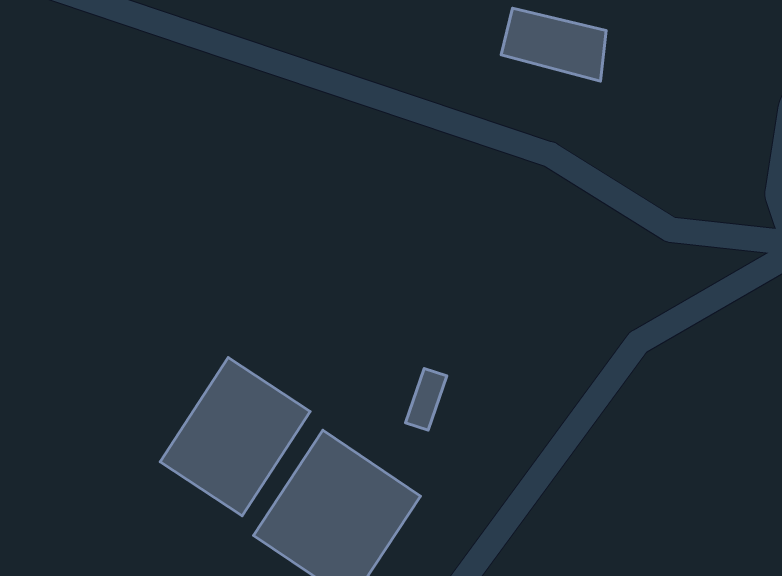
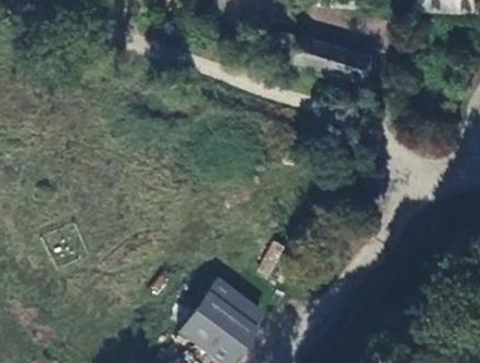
building: [160,357,310,516] -> none

